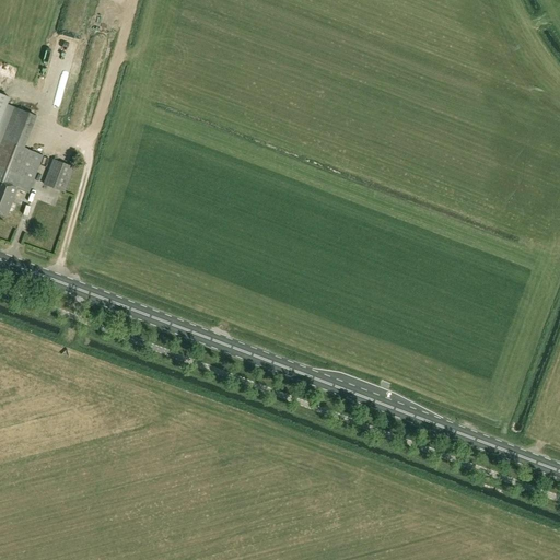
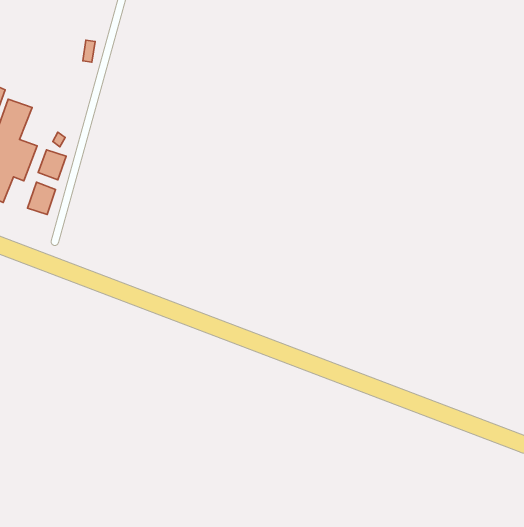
building: none -> [28,182,56,215]

